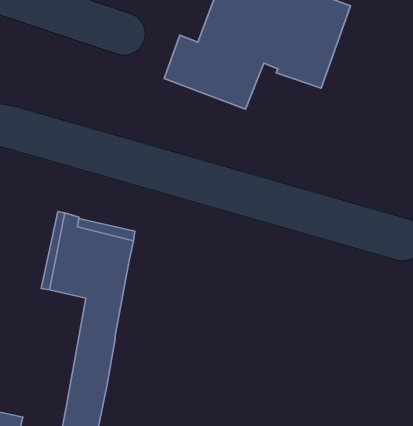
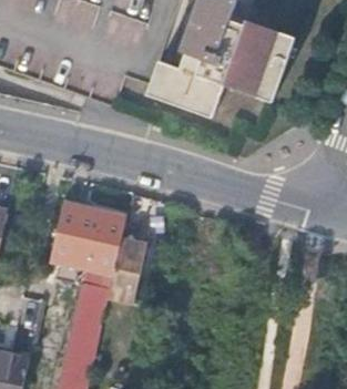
building: none -> [105,238,142,303]

